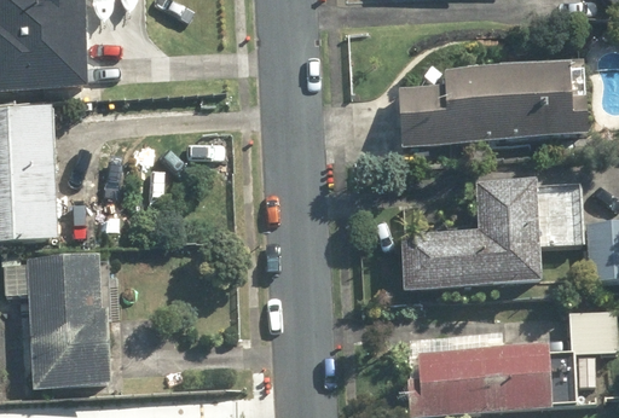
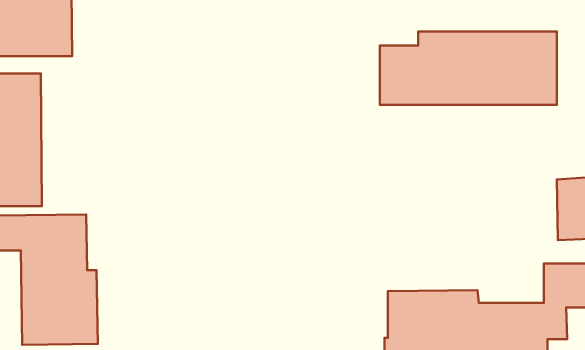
building: [397,182,582,291] -> none

